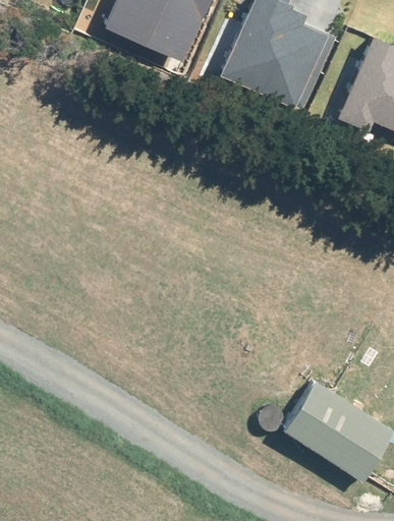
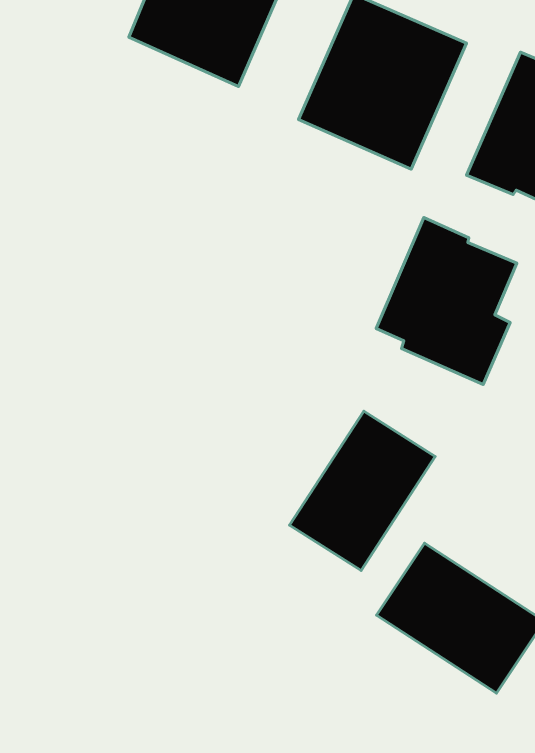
building: none -> [376,218,517,384]
building: none -> [290,411,435,570]

